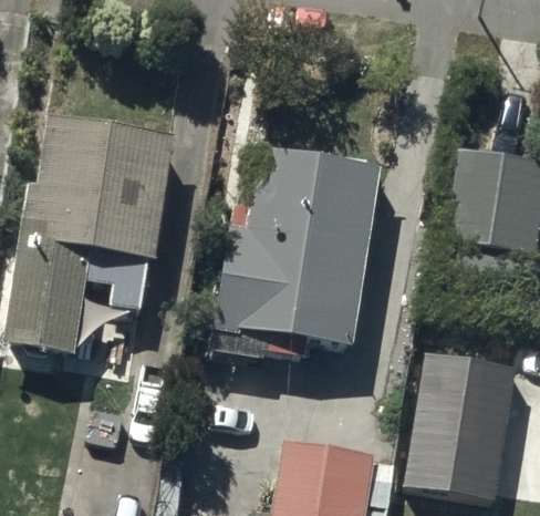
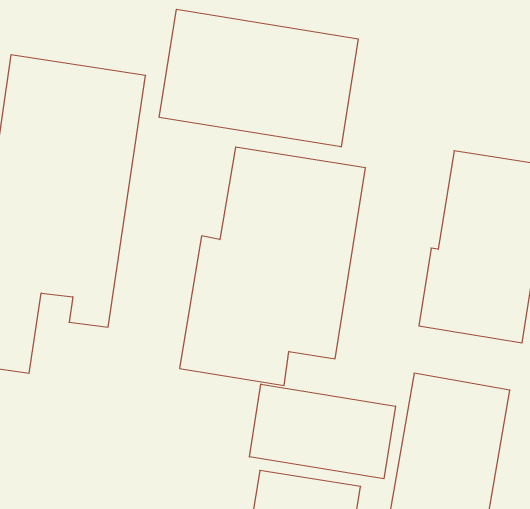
building: none -> [159,9,358,147]
building: none -> [249,384,395,479]

